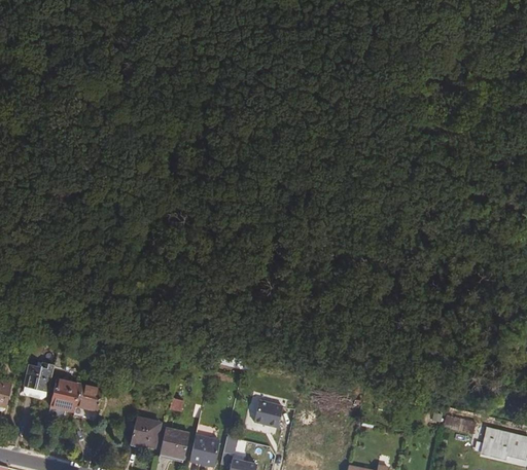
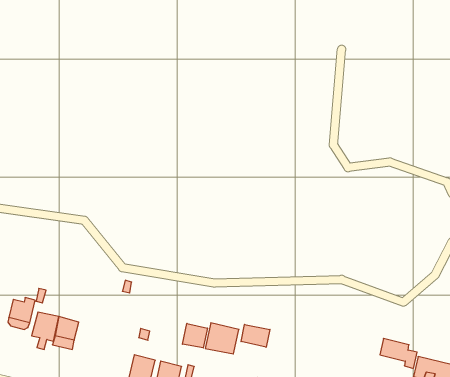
building: none -> [182,323,207,348]
building: none -> [241,324,270,347]
building: [131,417,161,447] -> none

